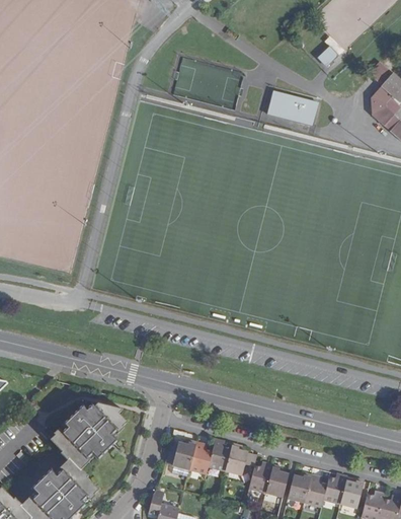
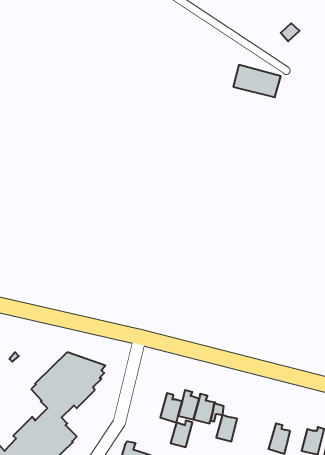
building: [172,440,195,468] -> [171,421,192,447]
building: [264,466,289,498] -> none
building: [288,472,312,502] -> none
building: [323,473,346,504] -> none

